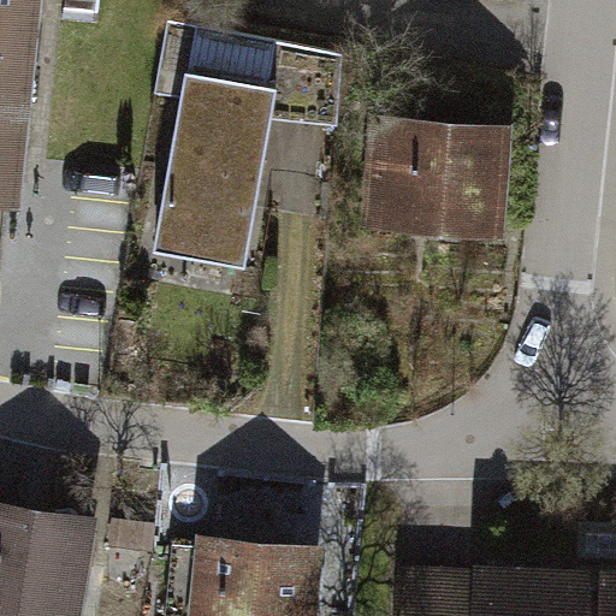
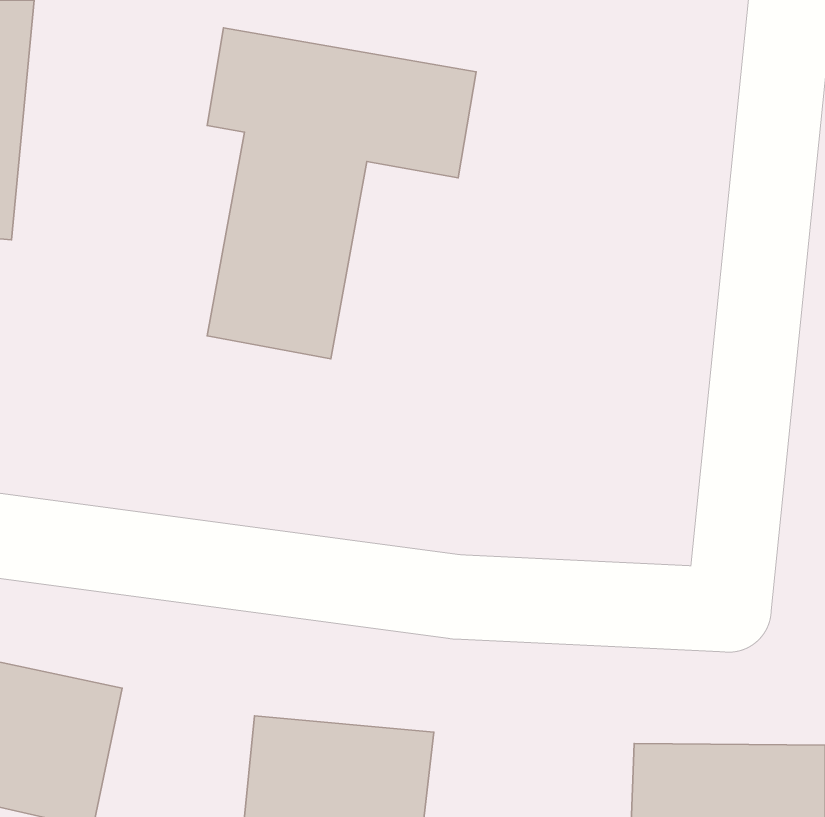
building: [361,113,509,243] -> none

